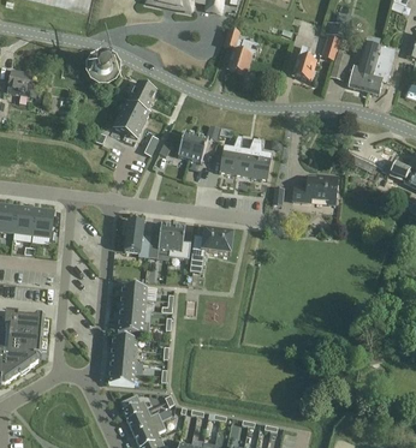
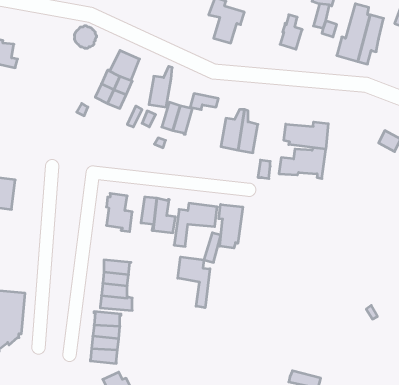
building: [219,135,242,174] -> [149,66,172,107]
building: none -> [284,122,328,149]
building: [31,207,55,238] -> none
building: none -> [219,204,243,248]
building: none -> [178,257,210,308]

